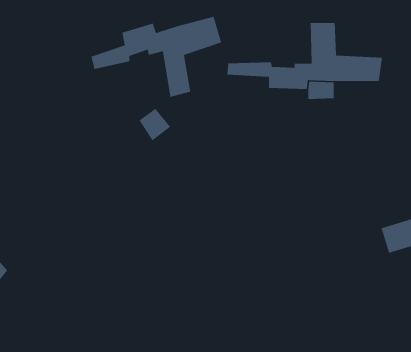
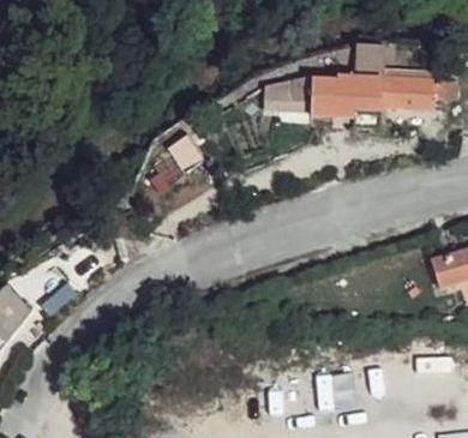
building: [90,16,222,98] -> none

